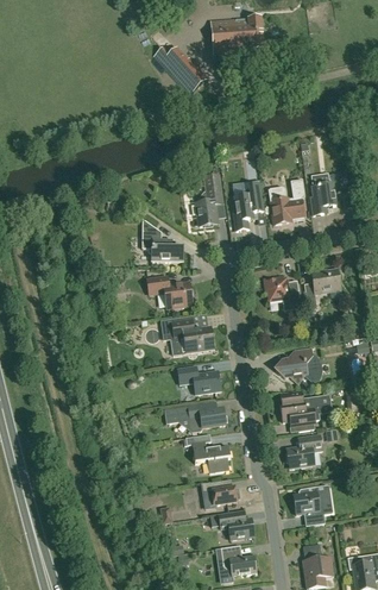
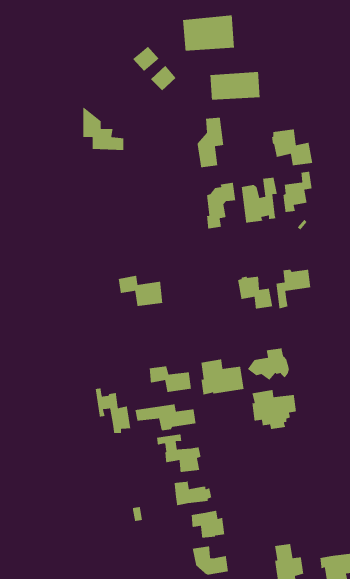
building: none -> [209,71,261,100]
building: none -> [271,129,313,166]
building: [196,175,223,226] -> [197,117,224,168]
building: [141,218,183,262] -> [82,107,124,151]
building: [170,319,214,356] -> [200,359,245,396]
building: none -> [95,388,131,434]
building: [285,434,321,469] -> none
building: [292,487,328,525] -> none

